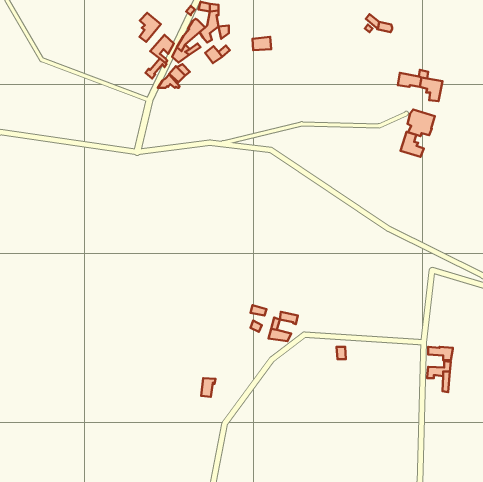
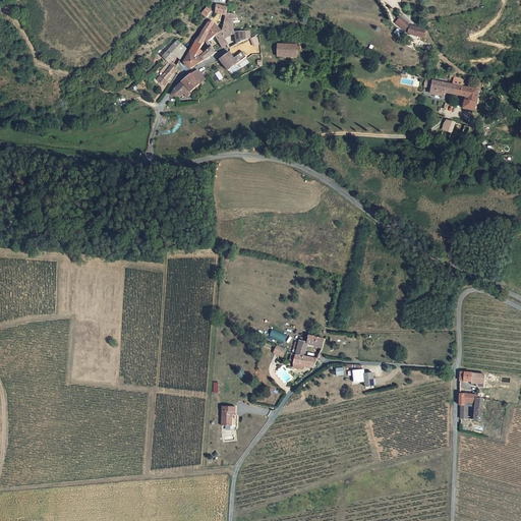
building: [139,13,161,42] -> none
building: [401,132,424,157] -> none

